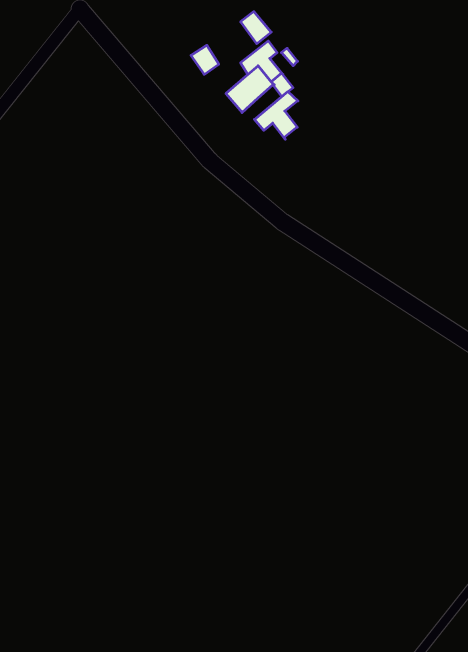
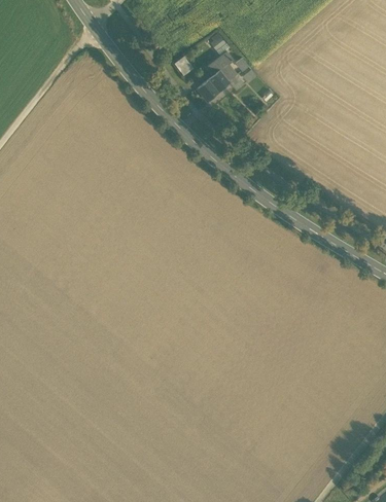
building: [254,92,298,139] -> none

